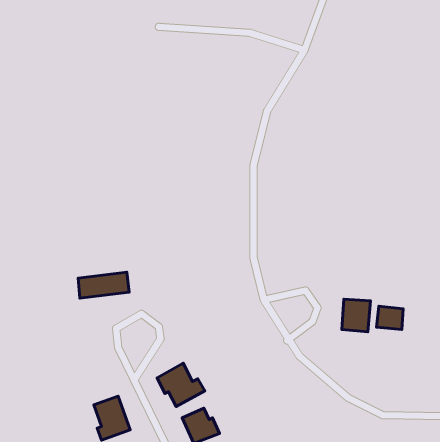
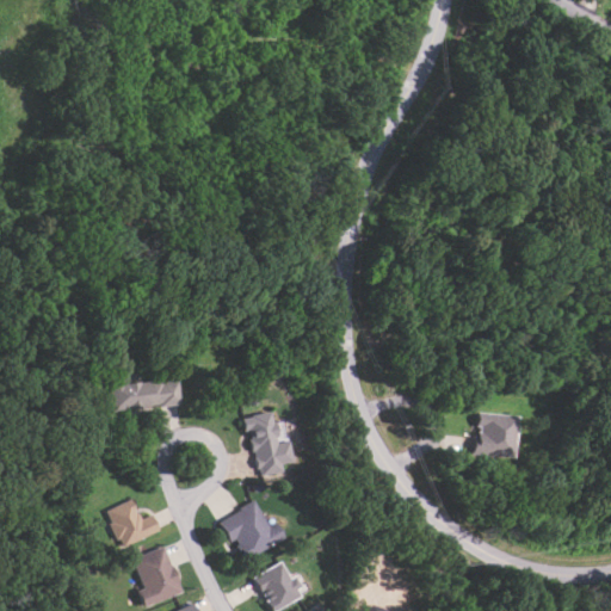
building: none -> [243,412,295,477]
building: [377,306,403,329] -> none
building: none -> [106,500,161,549]

